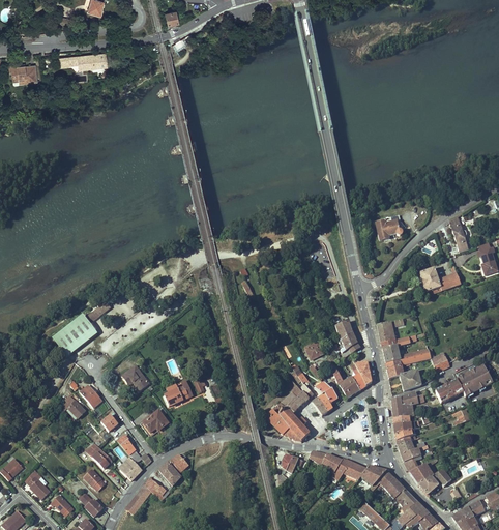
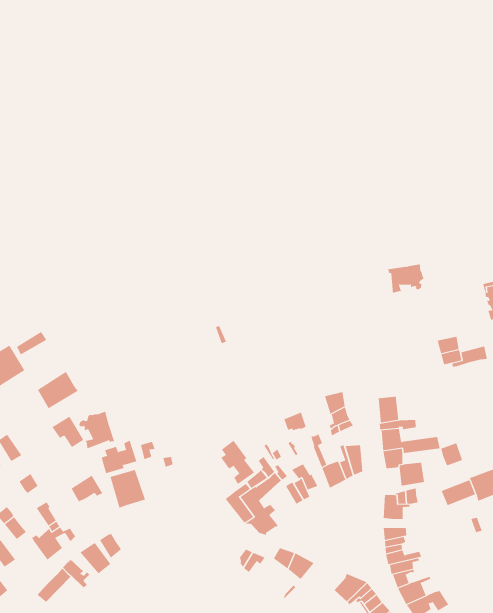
building: [60,52,107,68] -> none
building: none -> [37,371,79,409]
building: none -> [79,411,115,449]
building: none -> [220,440,255,485]
building: none -> [110,469,146,509]
building: [331,459,366,481] -> none

